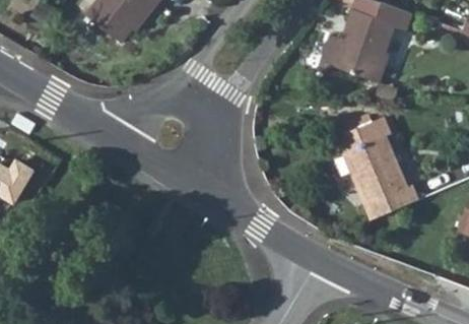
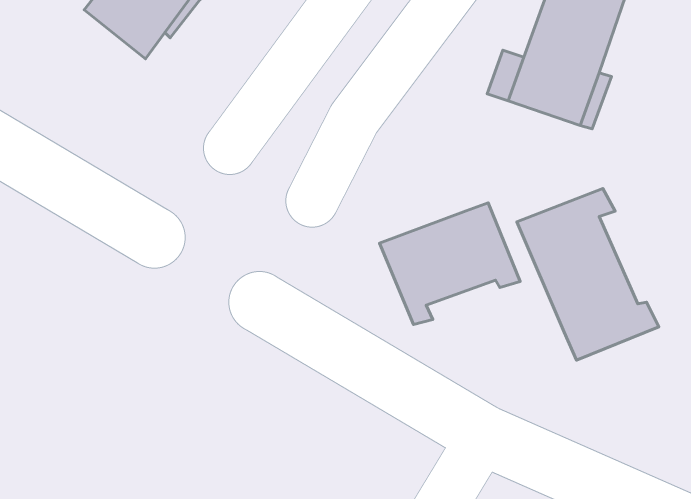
building: none -> [380,203,520,325]

